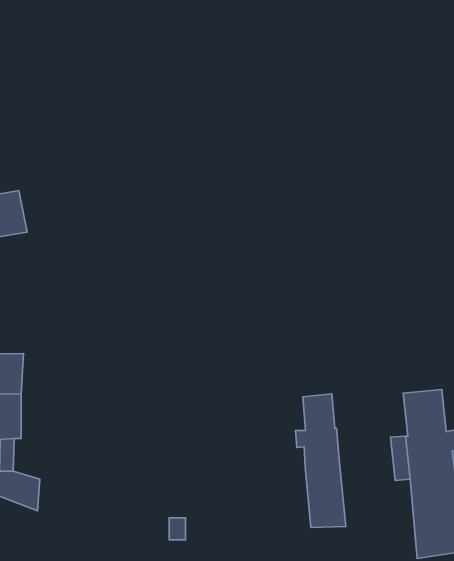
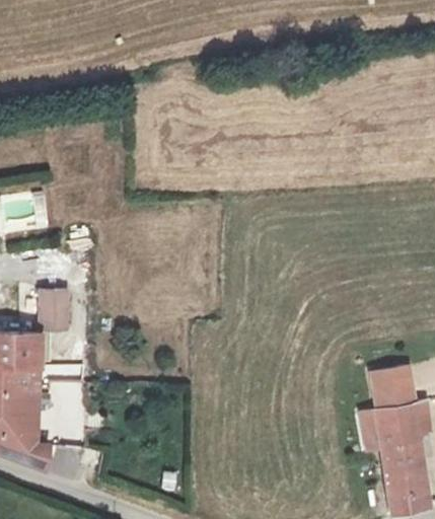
building: none -> [41,289,70,333]
building: [296,394,346,528] -> none

